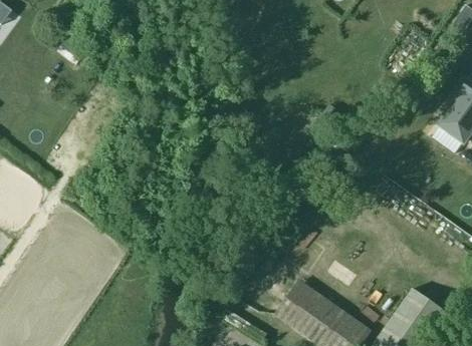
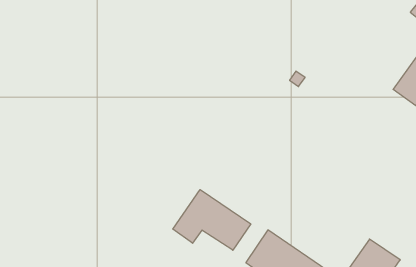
building: none -> [173,190,251,250]

